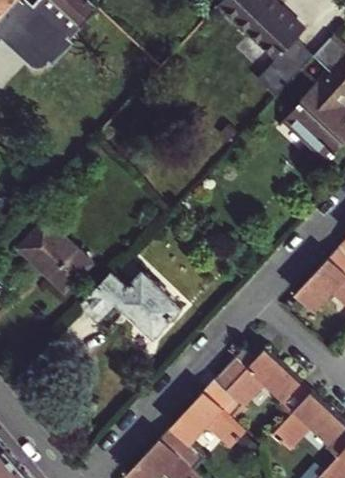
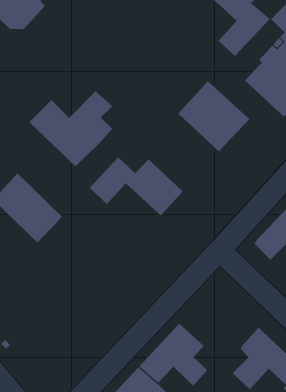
building: none -> [178,81,250,152]
building: none -> [29,90,113,167]
building: [80,273,180,336] -> [89,157,183,216]
building: [216,348,300,402] -> none

